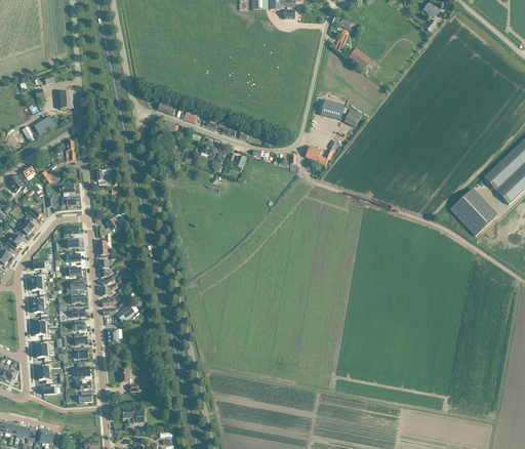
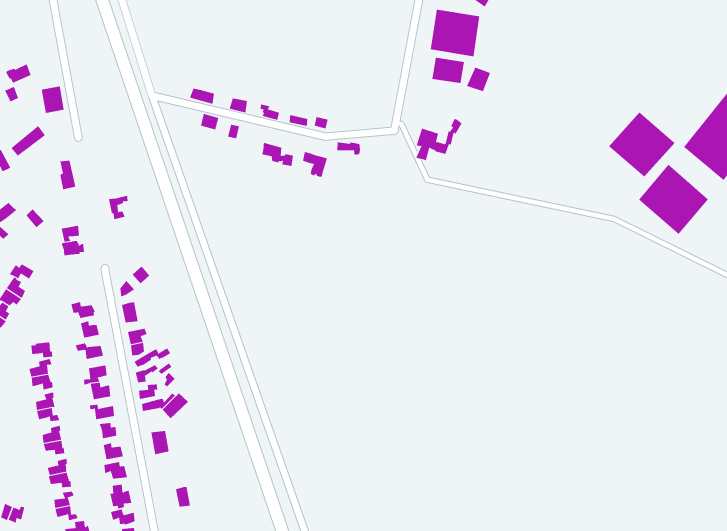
building: none -> [430,9,480,57]
building: none -> [608,112,675,178]

